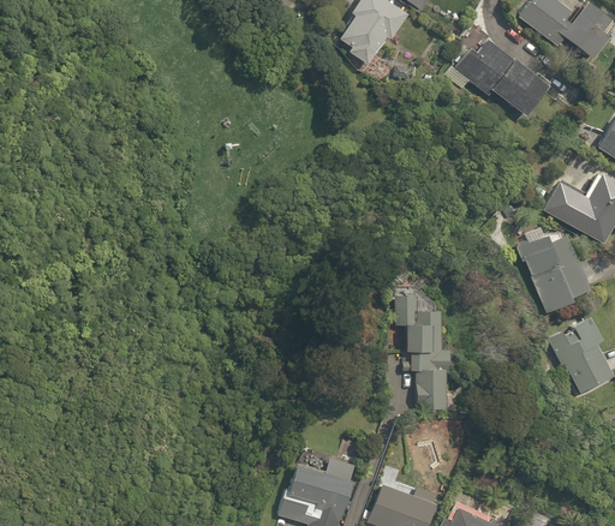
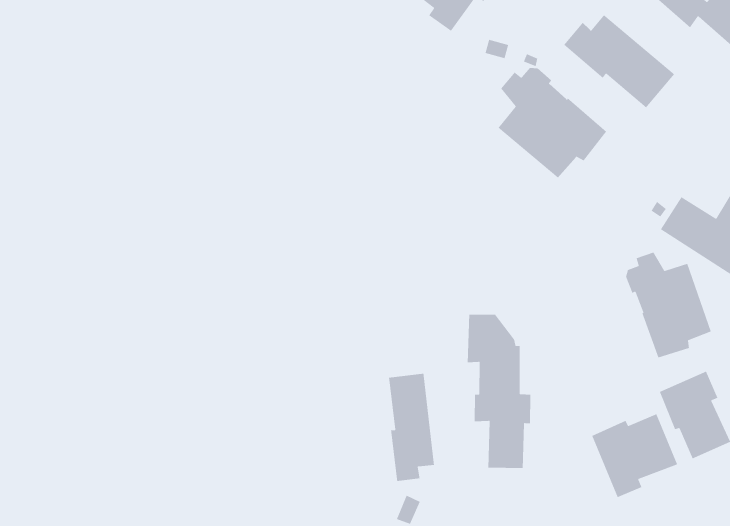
building: none -> [498,67,607,178]
building: none -> [388,373,435,482]
building: none -> [591,413,678,498]

